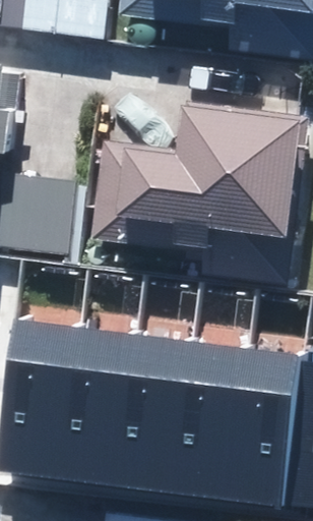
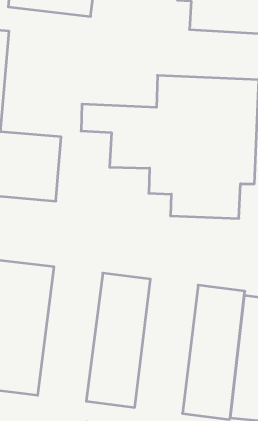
building: [46,330,122,487] -> none
building: [160,344,234,502] -> none

